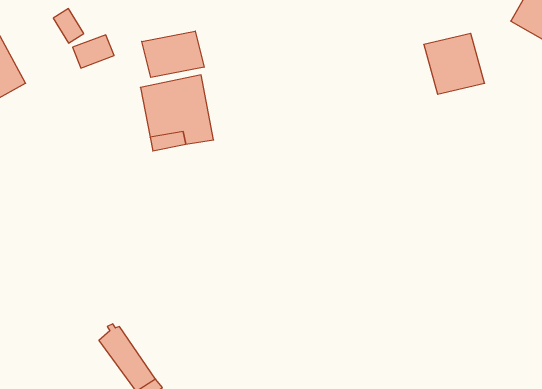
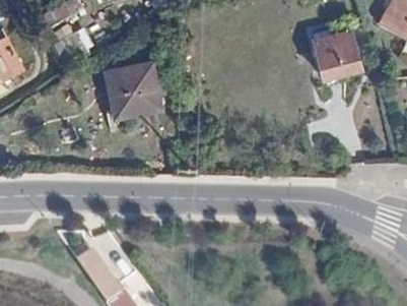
building: [142,31,204,77] -> none

